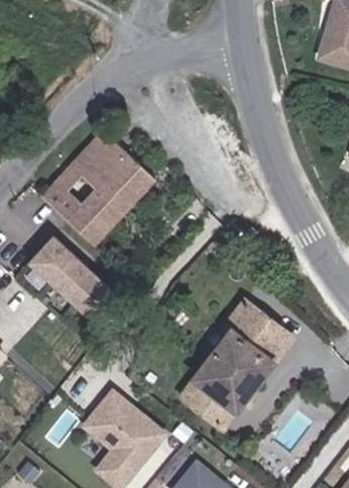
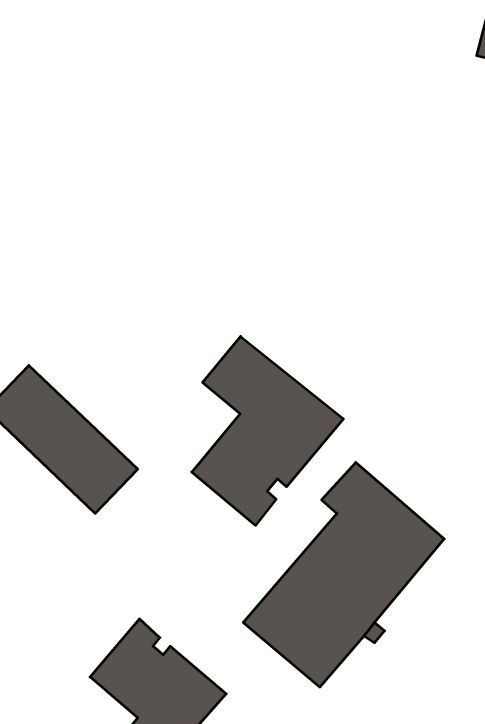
building: [40,133,150,246] -> none
building: none -> [192,336,343,525]

